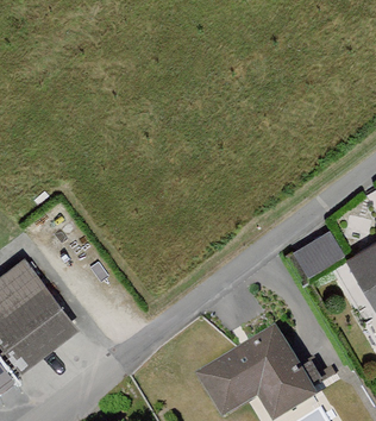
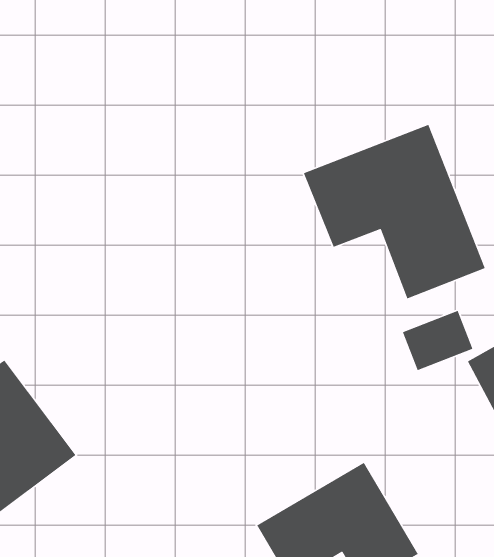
building: none -> [303,124,486,299]

